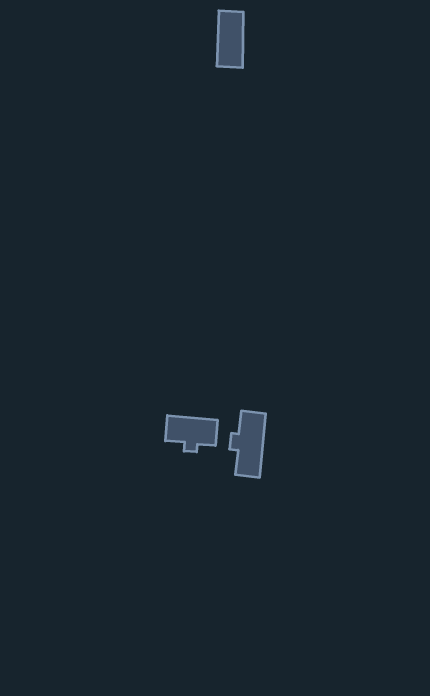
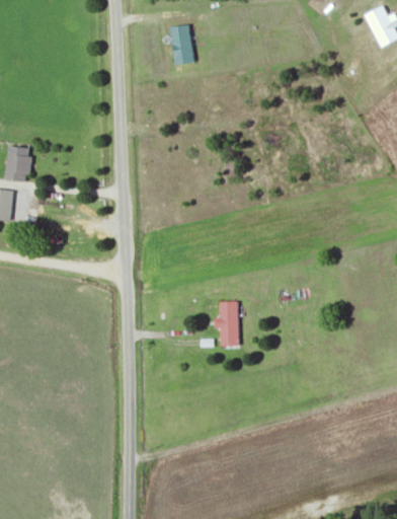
building: [165,415,217,452] -> none

